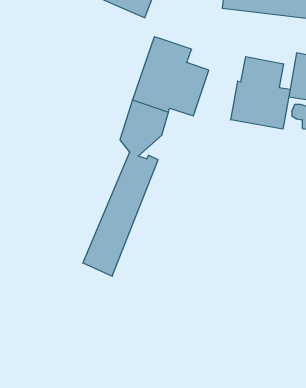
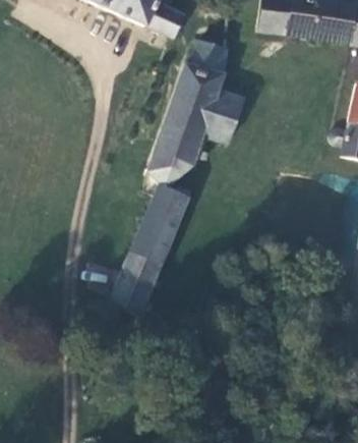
building: none -> [192,38,227,73]
building: [231,57,290,129] -> none

